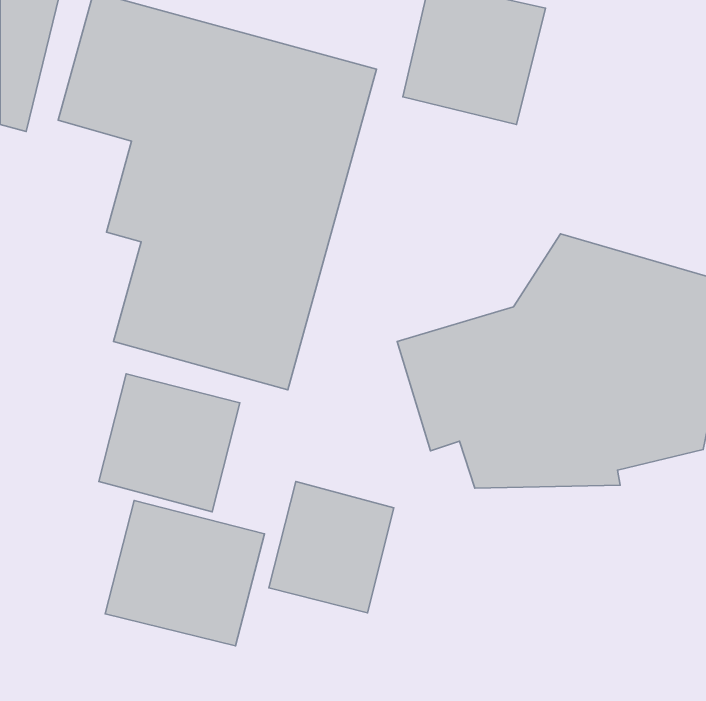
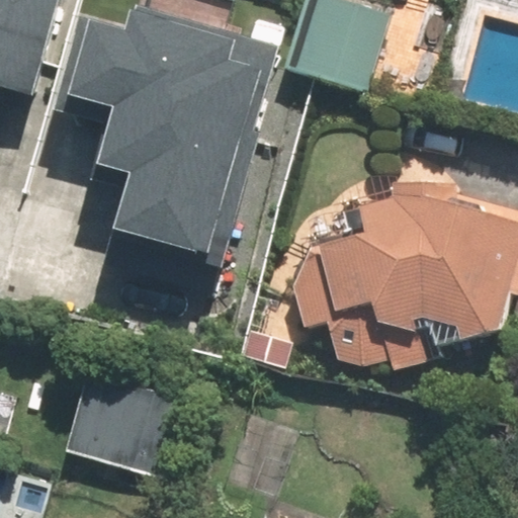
building: [99,374,240,512] -> none
building: [269,482,394,613] -> none

